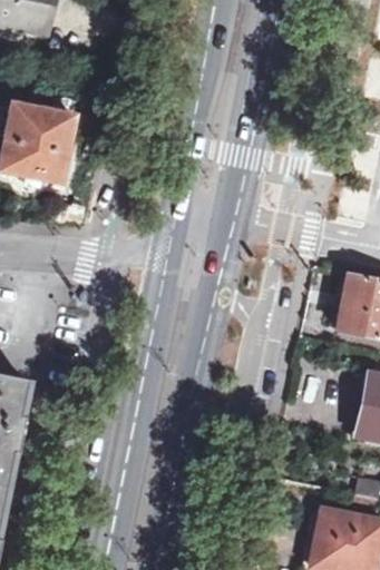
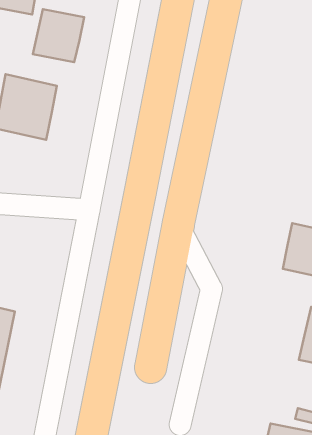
building: none -> [33,9,84,62]

